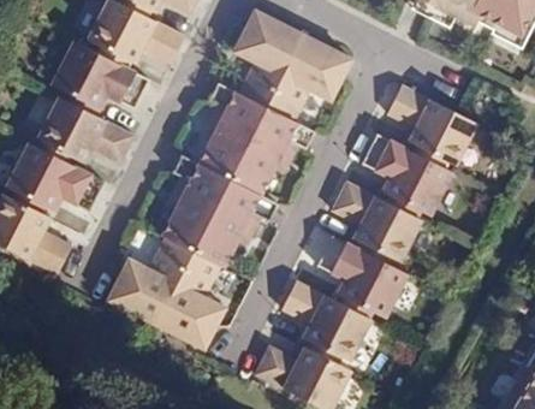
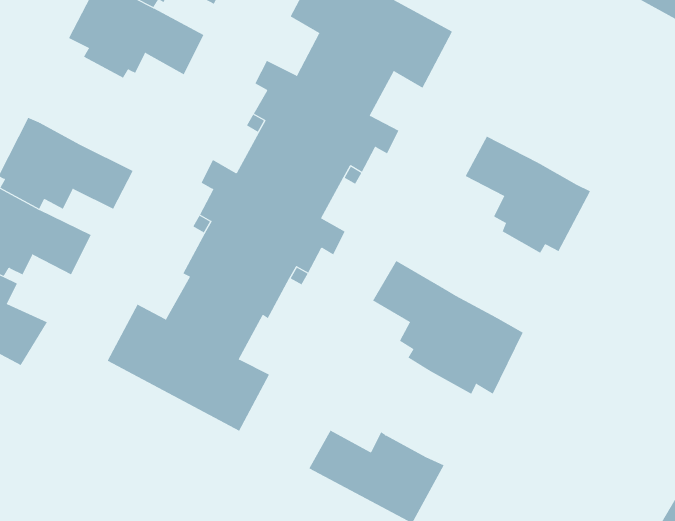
building: [43,60,142,135] -> none
building: [391,81,480,164] -> none
building: [332,174,421,259] -> none
building: [281,275,369,358] -> none

